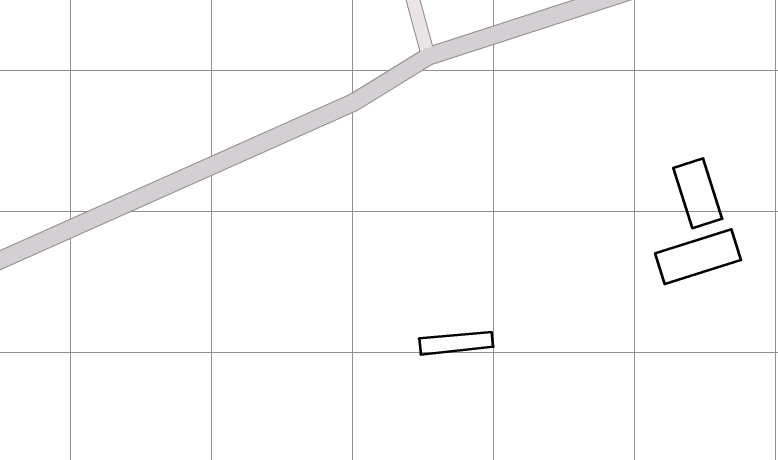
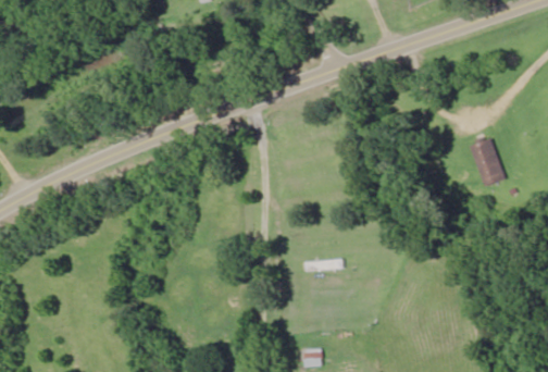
building: [655,229,741,284] -> none

